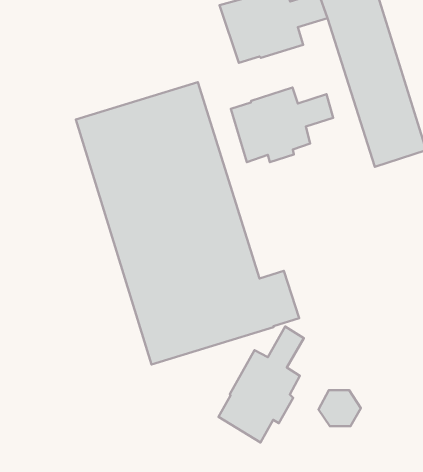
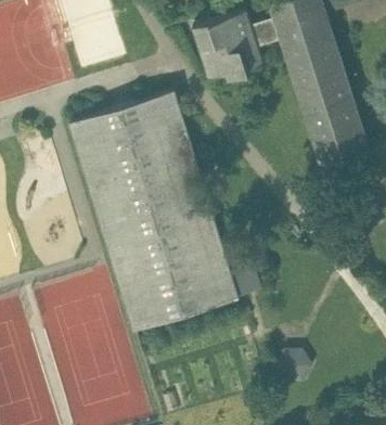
building: [231,87,333,162] -> none
building: [218,327,304,442] -> none

